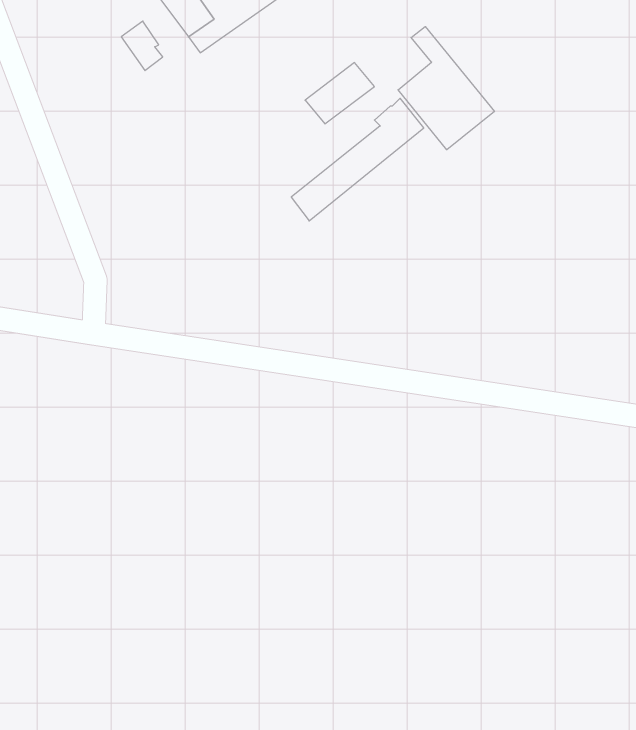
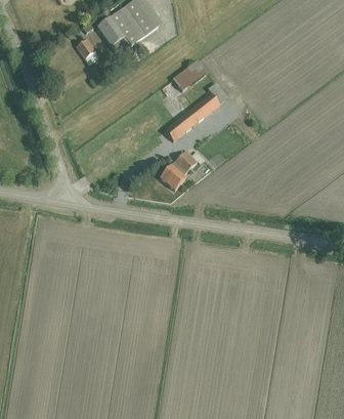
building: [398,27,494,150] -> none
building: none -> [159,150,204,191]

